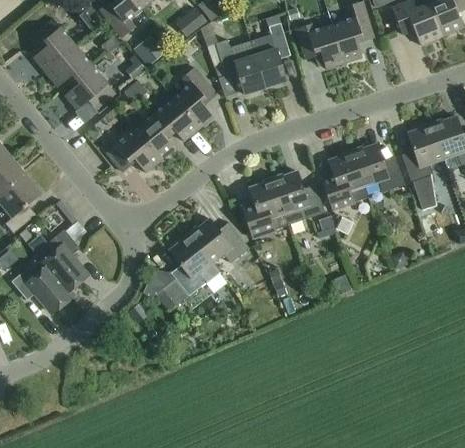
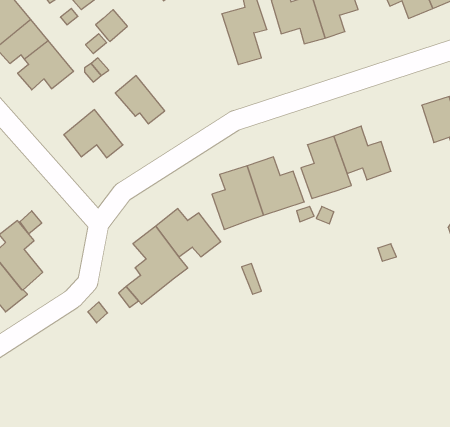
building: [216,39,265,94] -> none
building: [172,67,217,129] -> none
building: [134,113,175,160] -> none
building: [401,124,443,210] -> none

